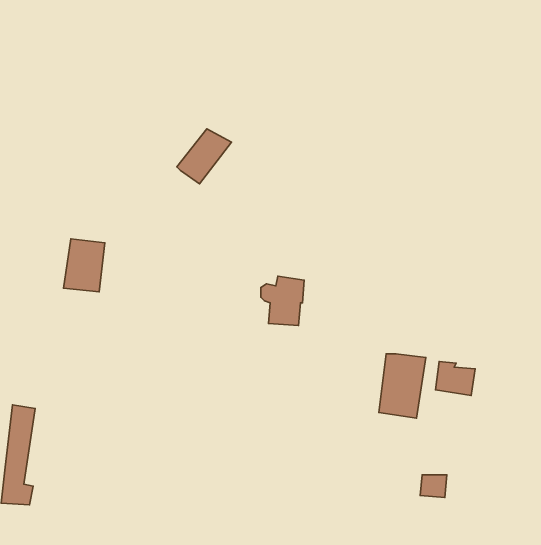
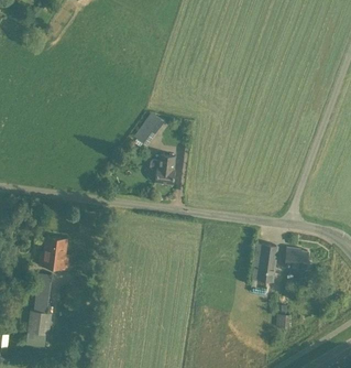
building: [63,239,105,292] -> [42,237,66,268]
building: [261,276,304,325] -> [150,154,175,183]

